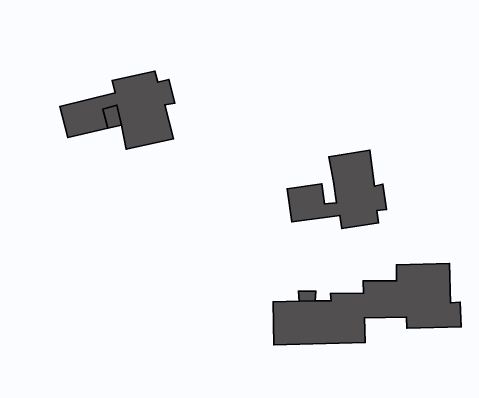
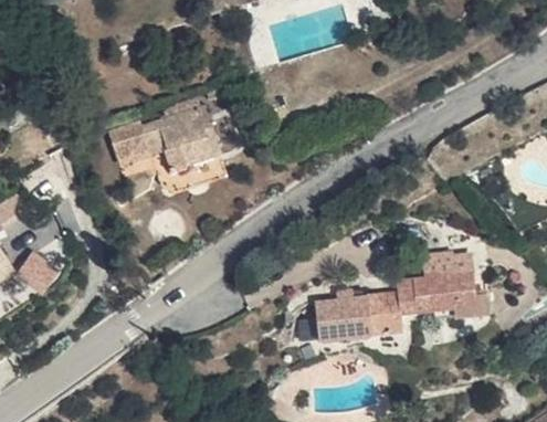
building: [287,150,387,229] -> none

